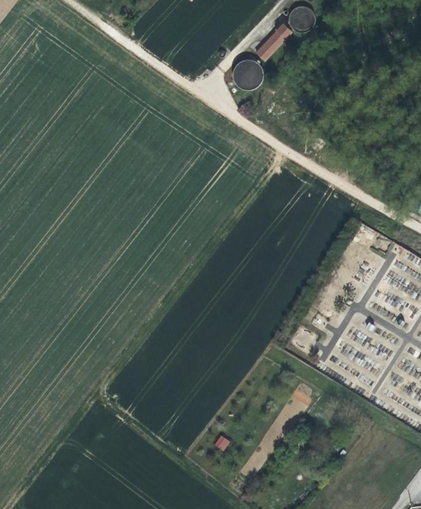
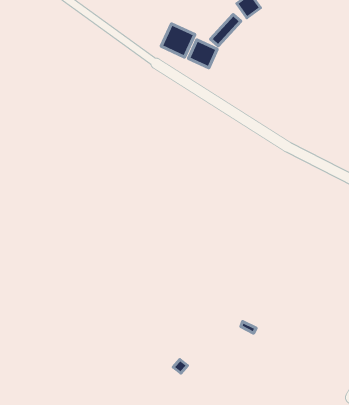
building: none -> [161,24,195,57]

